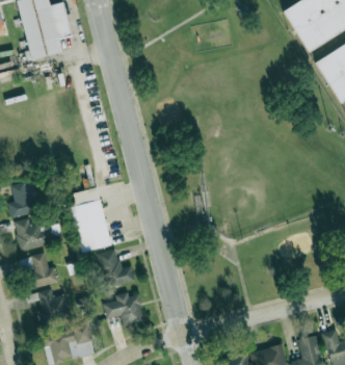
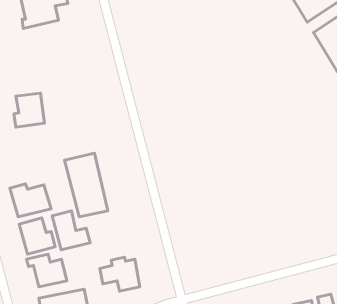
building: [8,182,39,216] -> [14,93,45,127]
building: [97,249,135,288] -> [52,211,90,250]

